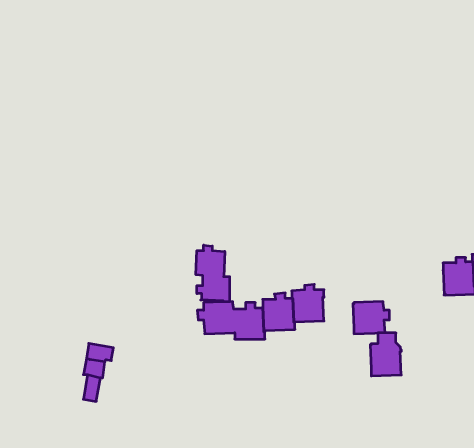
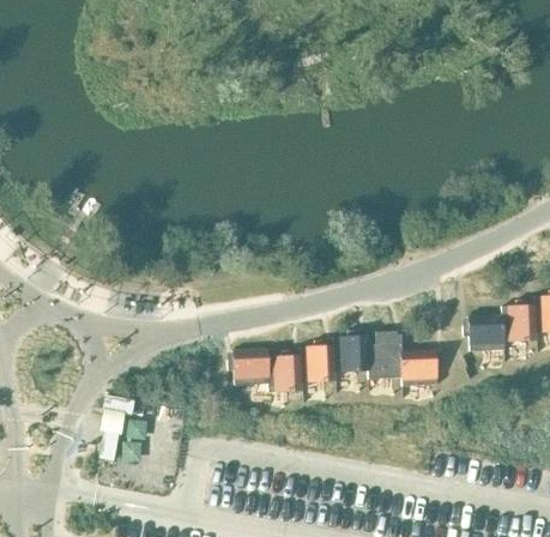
building: [196,245,230,302] -> none
building: none -> [464,314,504,350]
building: [370,333,401,376] -> [368,331,403,379]

